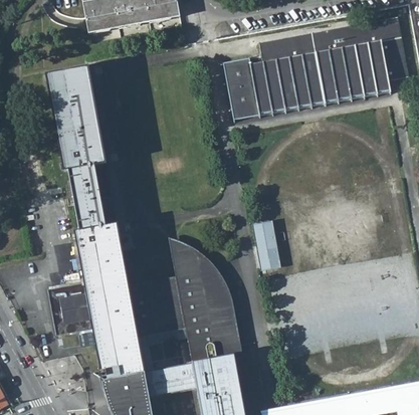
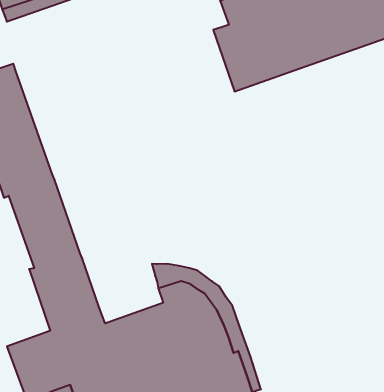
building: [227,65,259,121] -> none
building: [253,220,282,270] -> none

